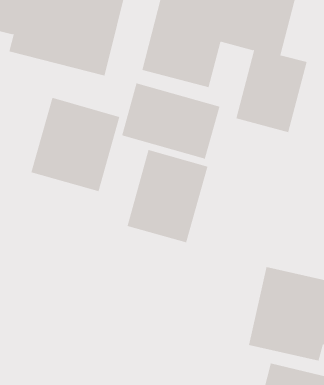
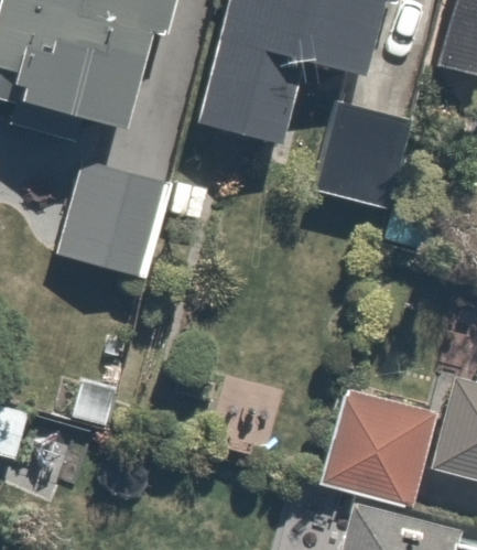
building: [121,83,220,160] -> none
building: [127,149,208,243] -> none

